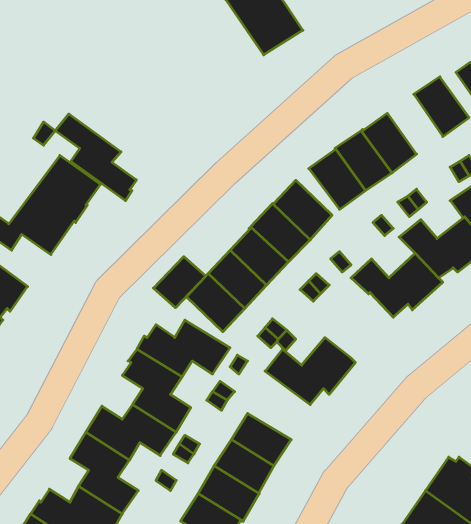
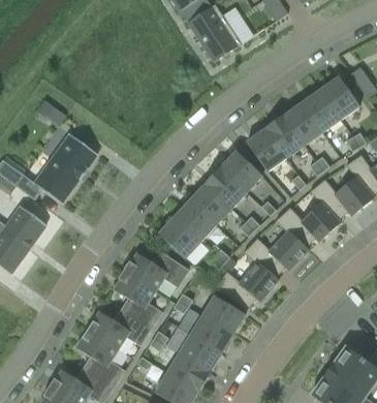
building: none -> [302,89,341,131]
building: [55,114,136,201] -> none
building: [153,257,206,308] -> none
building: none -> [244,229,309,276]
building: none -> [202,296,246,334]

